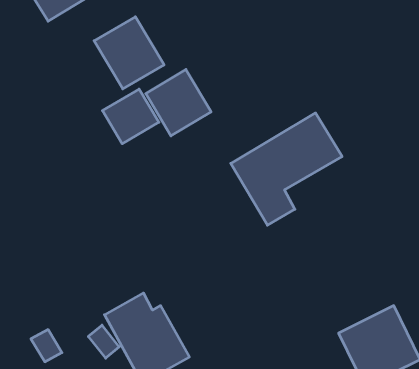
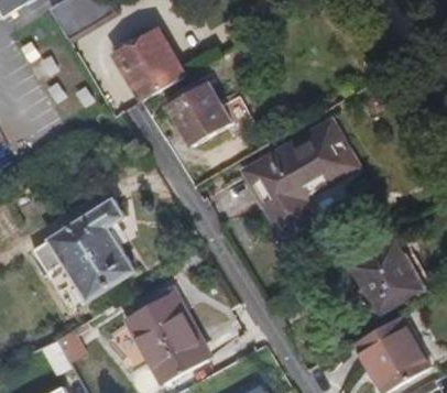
building: [102,89,159,144] -> none
building: none -> [31,198,134,301]
building: none -> [350,241,421,315]

